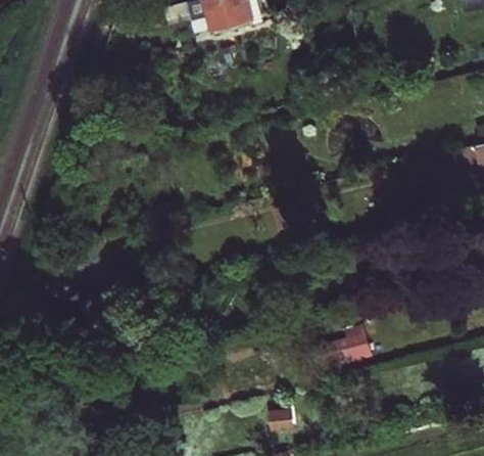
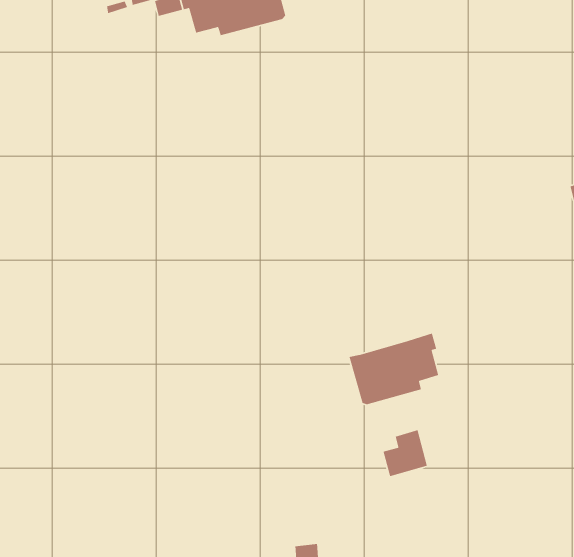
building: none -> [348,333,439,405]

